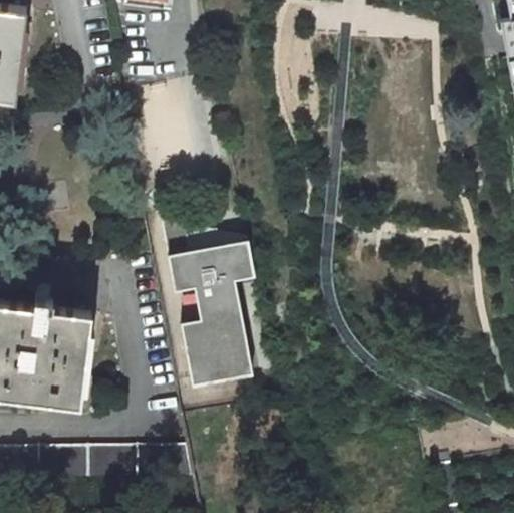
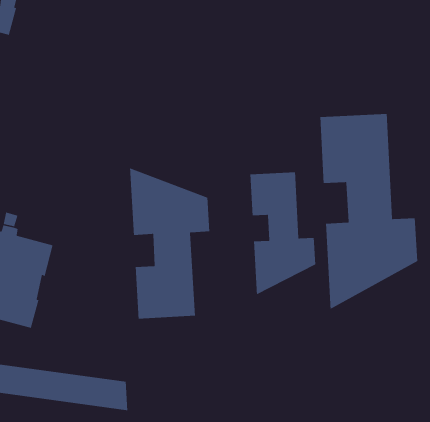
building: none -> [319,113,418,310]
building: none -> [250,172,316,296]

